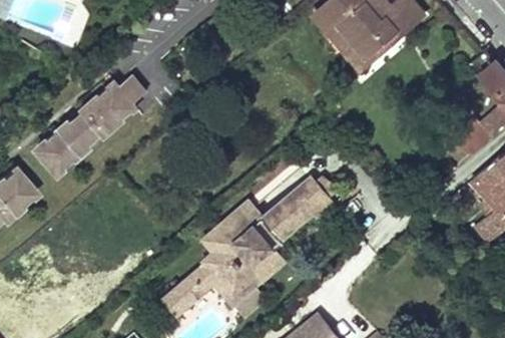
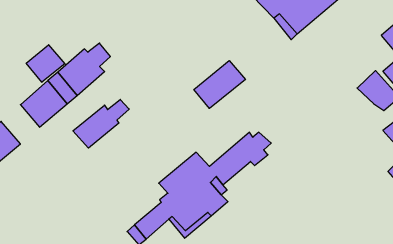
building: none -> [26,45,65,82]
building: none -> [194,61,245,108]
building: none -> [73,99,129,148]

